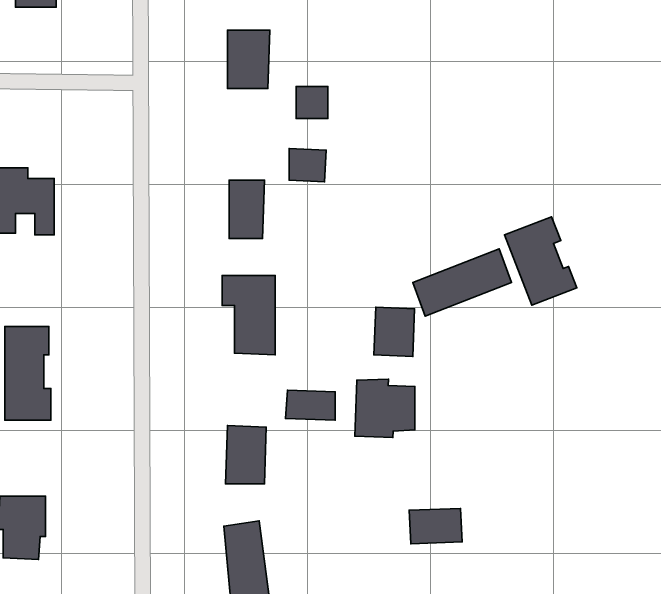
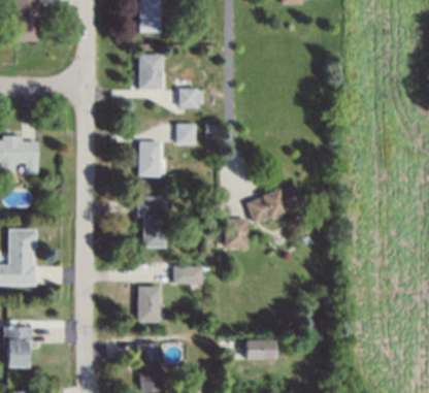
building: [505,217,577,305] -> none
building: [355,379,415,438] -> none

